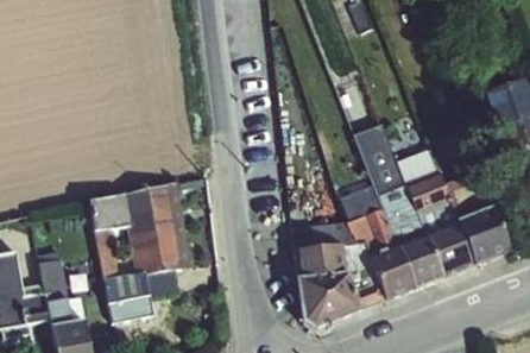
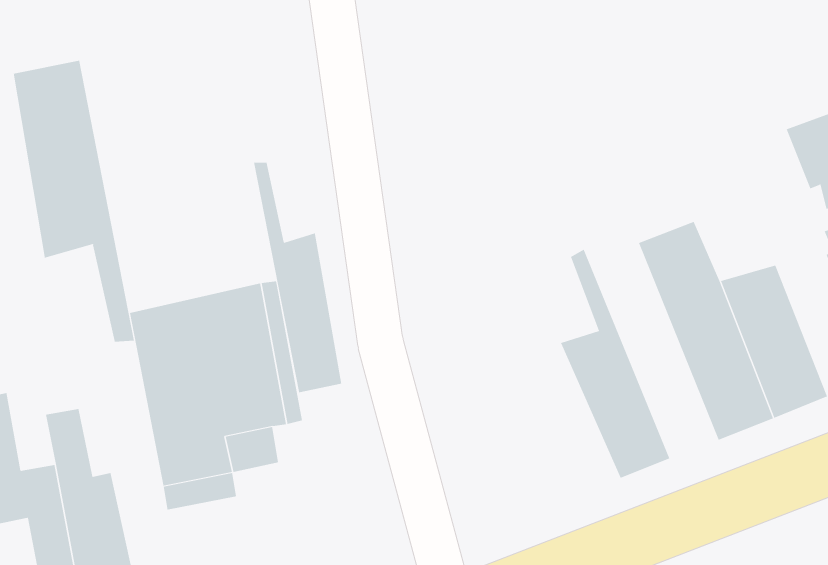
building: none -> [13,60,135,342]
building: none -> [254,162,342,393]
building: [352,126,441,288] -> none
building: [289,219,383,328] -> none

